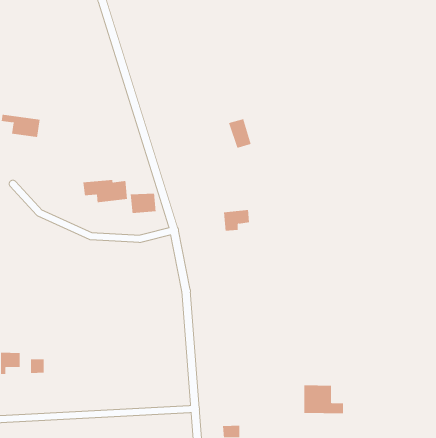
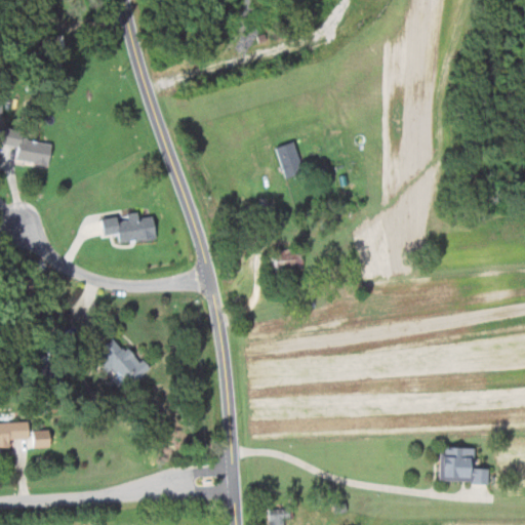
building: [130,193,156,214] -> none
building: none -> [92,337,151,388]
building: [304,385,344,414] -> [440,448,488,483]

